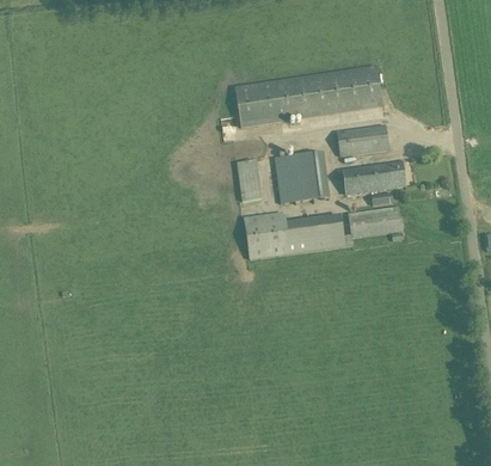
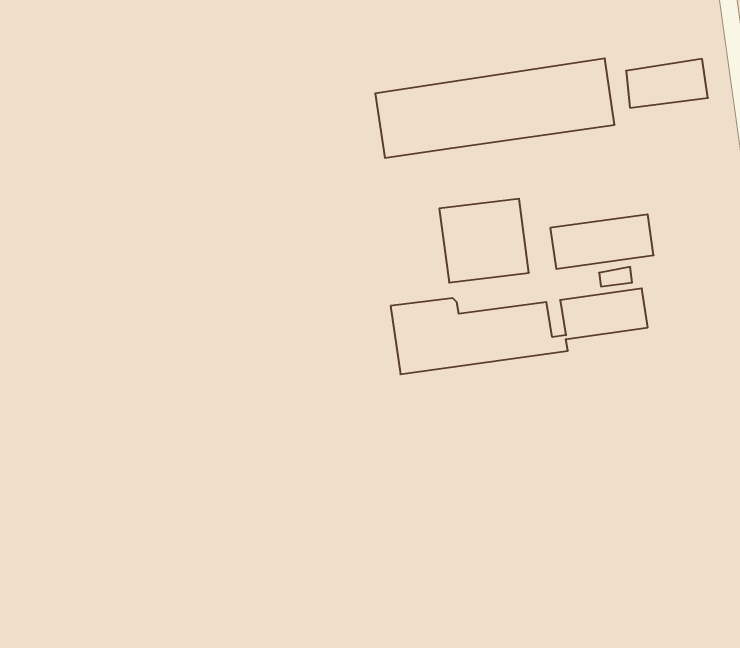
building: [337,124,387,154] -> [626,59,708,108]
building: [237,160,260,201] -> none

